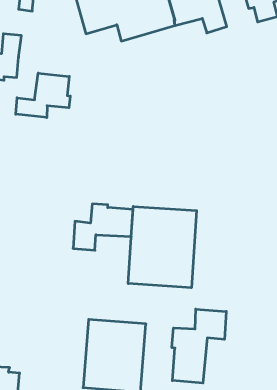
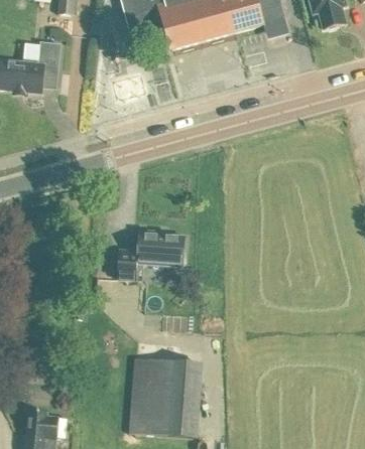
building: [16,73,70,118] -> none
building: [128,206,197,288] -> none
building: [172,309,226,383] -> none

